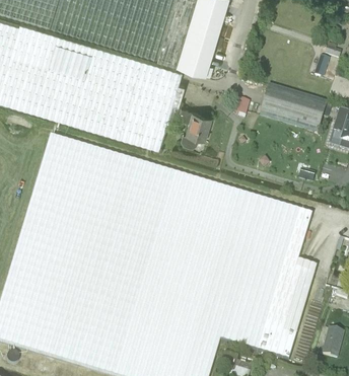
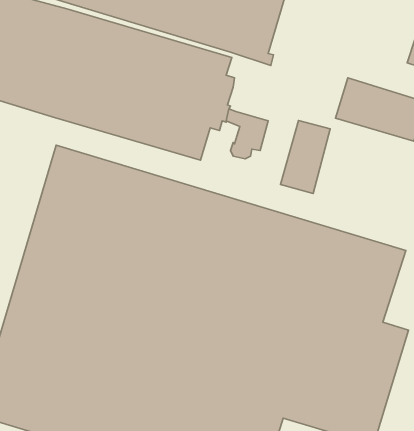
building: none -> [281,120,330,193]

